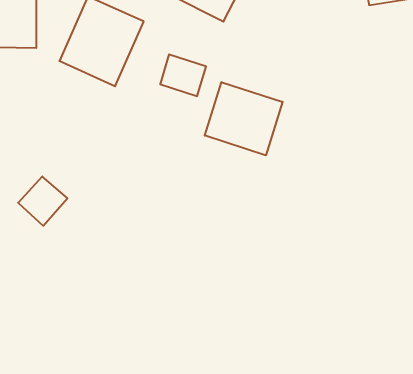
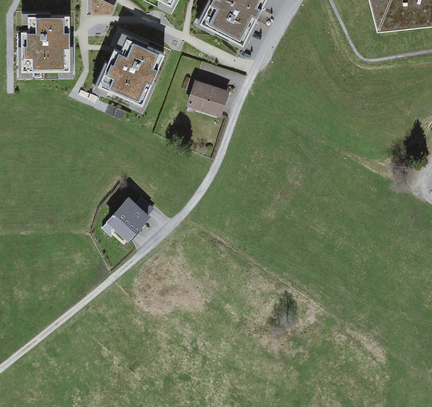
building: [205,82,283,155] -> none
building: [18,176,67,226] -> [105,197,150,242]

